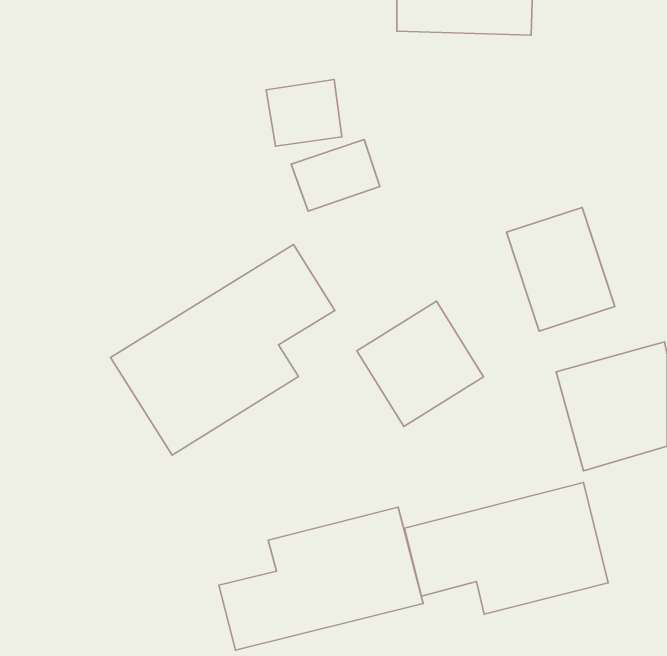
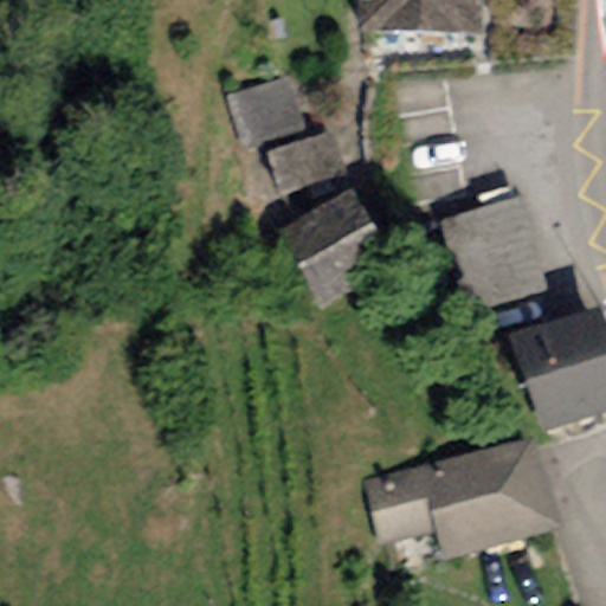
building: [110,244,335,455] -> none
building: [357,301,484,426] -> [277,191,392,304]
building: [219,507,423,650] -> none

